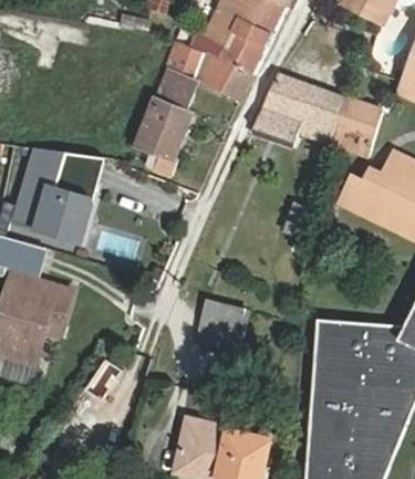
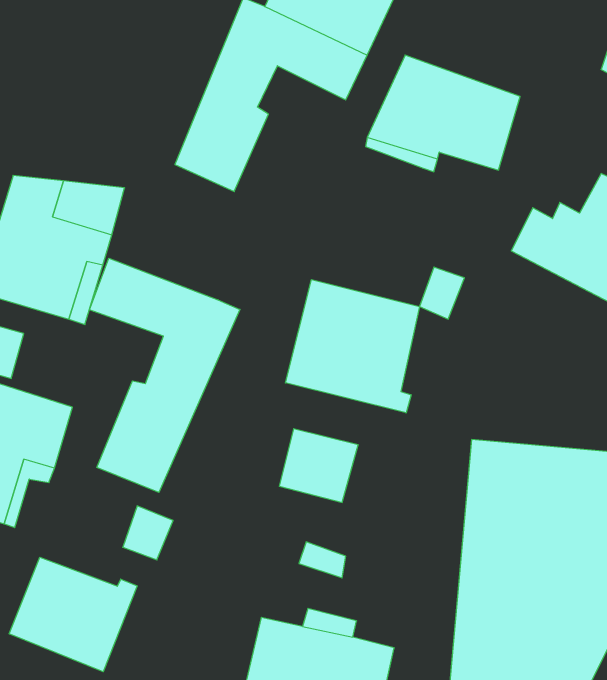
building: [333,101,381,157] -> none
building: none -> [89,258,240,492]
building: none -> [285,280,419,413]
building: none -> [9,557,137,672]

